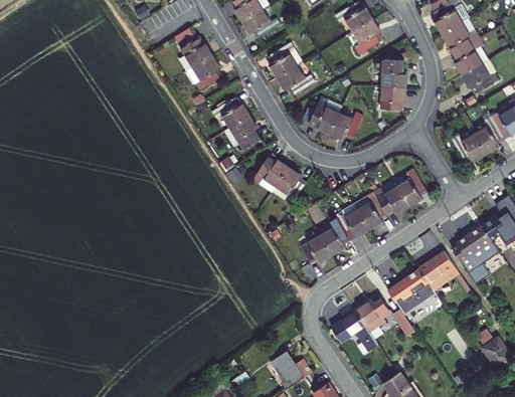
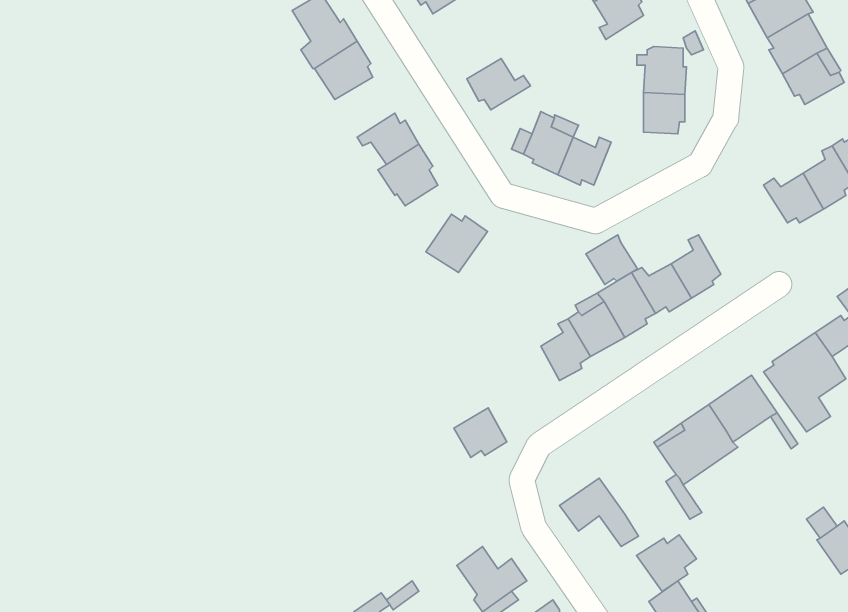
building: [268,43,302,77] -> none
building: [272,167,306,200] -> none
building: none -> [586,235,638,284]
building: [300,234,331,263] -> [454,408,507,457]
building: [354,300,389,333] -> [636,535,696,591]

